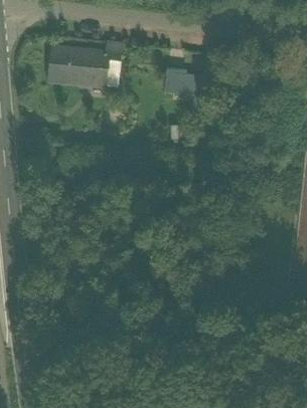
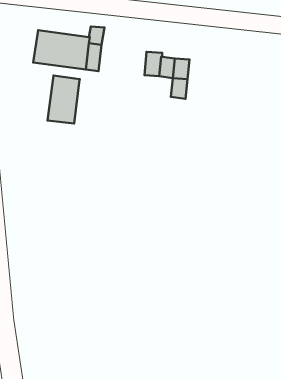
building: none -> [48,75,80,123]

